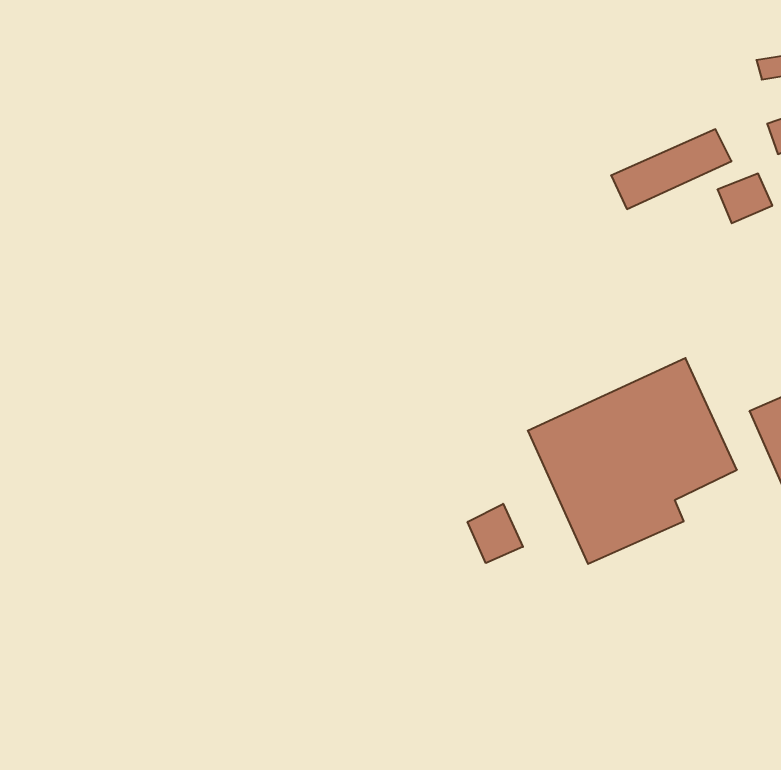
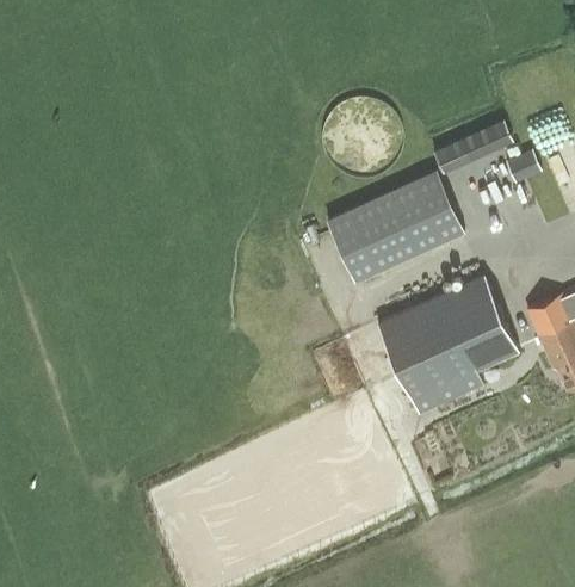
building: none -> [327,171,464,283]
building: [468,504,523,563] -> none

